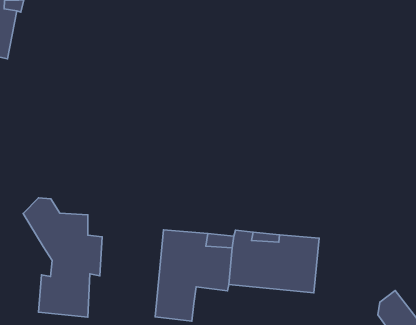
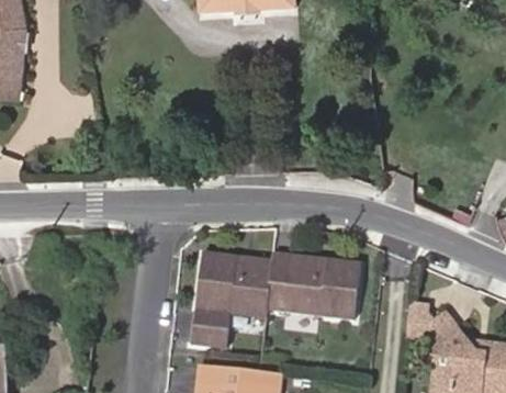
building: [23,198,102,317] -> none

